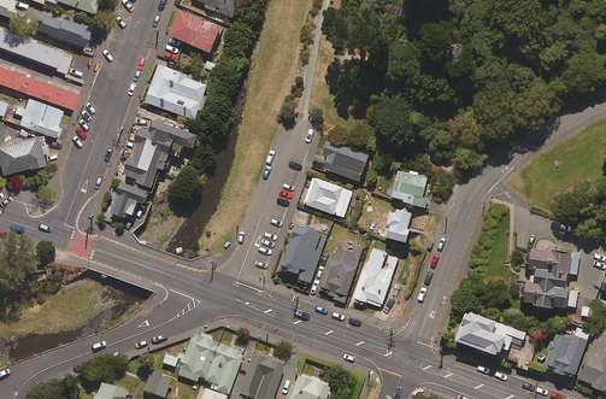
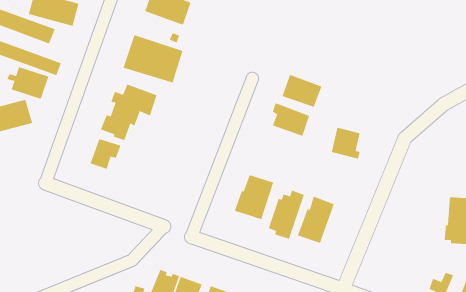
building: [305,176,353,216] -> [281,74,323,108]
building: [386,206,412,240] -> none
building: [455,310,525,356] -> none

